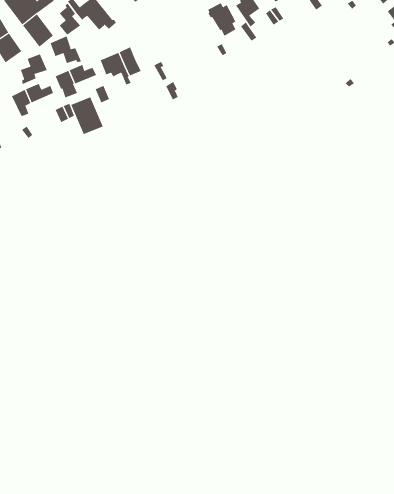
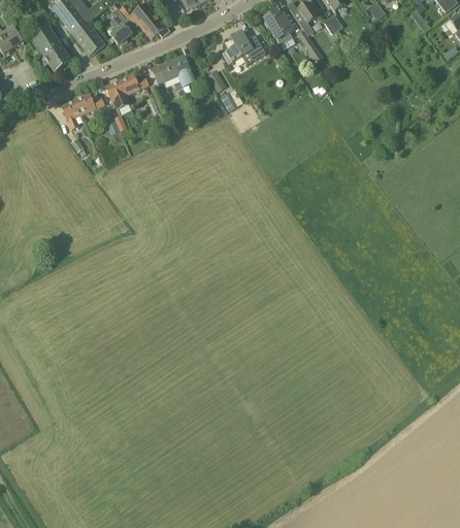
building: none -> [223,30,266,63]
building: [50,35,82,64] -> none
building: [20,53,47,85] -> none
building: [70,96,104,135] -> none

